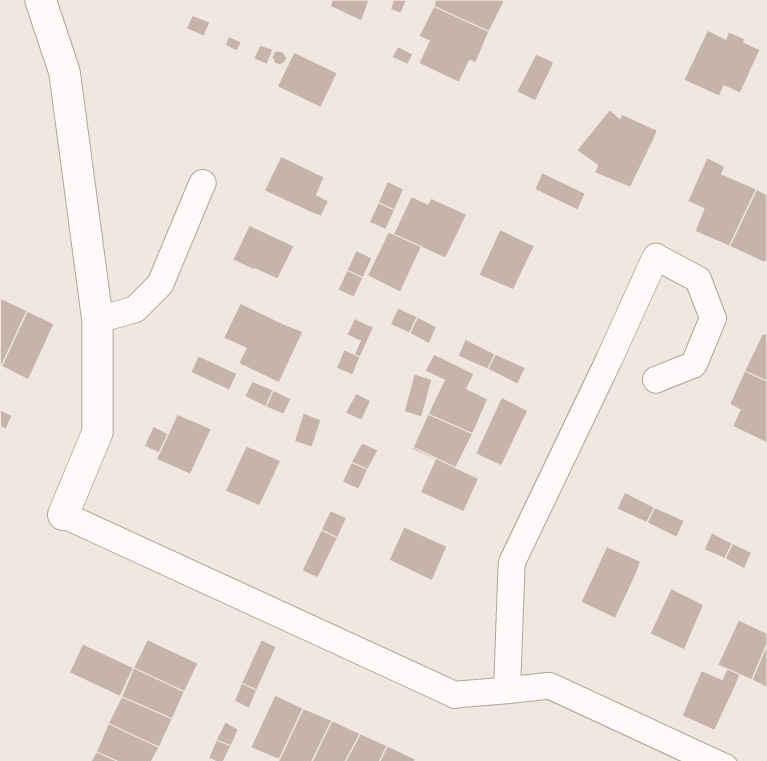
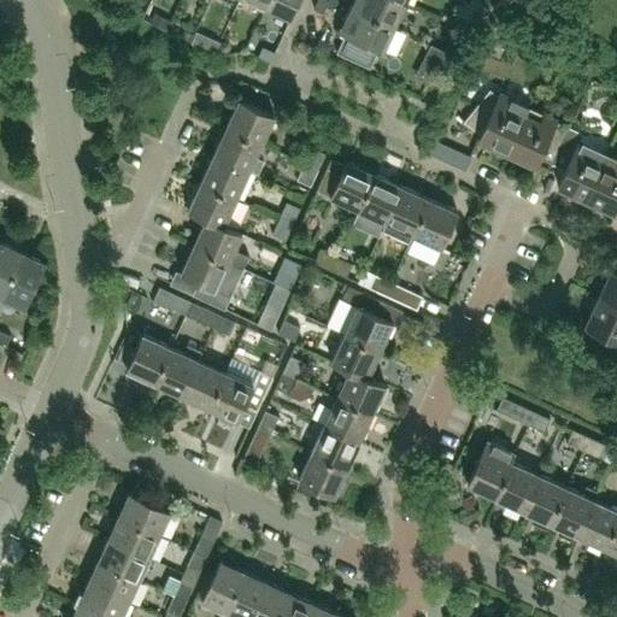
building: [684,30,760,96] -> [506,116,568,169]
building: [277,52,337,108] -> [225,102,274,147]
building: none -> [200,158,248,202]
building: [367,232,421,292] -> [358,177,401,225]
building: none -> [412,202,457,265]
building: none -> [193,221,241,265]
building: [476,397,528,466] -> none
building: none -> [153,348,201,399]
building: none -> [208,374,272,424]
building: none -> [324,400,372,443]
building: none -> [299,454,347,499]
building: none -> [494,465,539,513]
building: [69,644,134,696] -> [118,495,170,537]
building: [682,669,740,731] -> [550,489,597,539]

